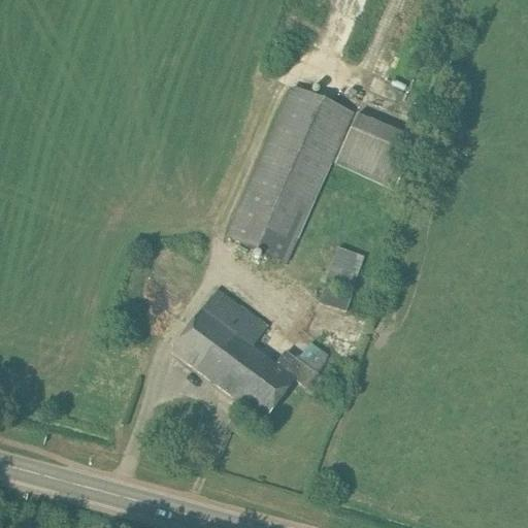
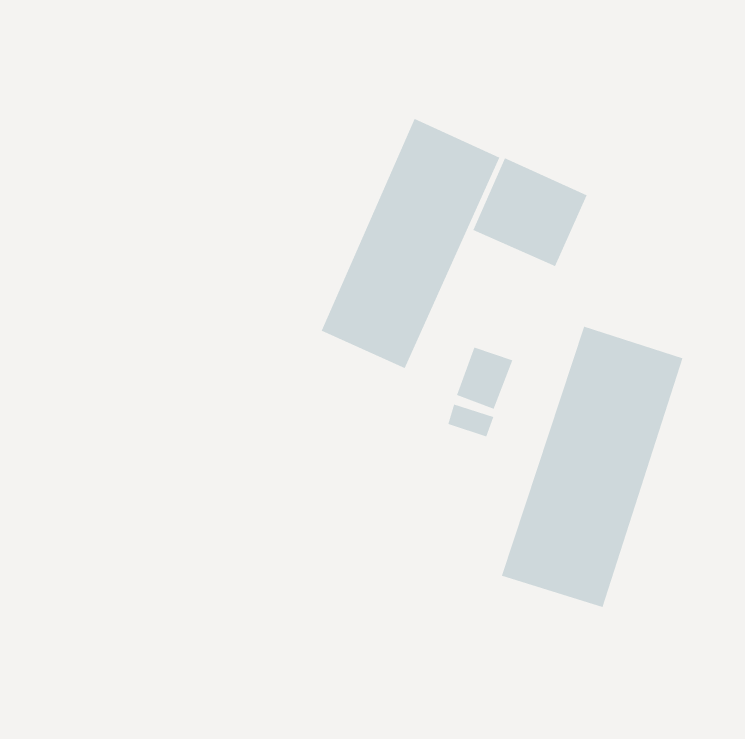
building: none -> [501,326,683,608]
building: [171,287,328,419] -> none

